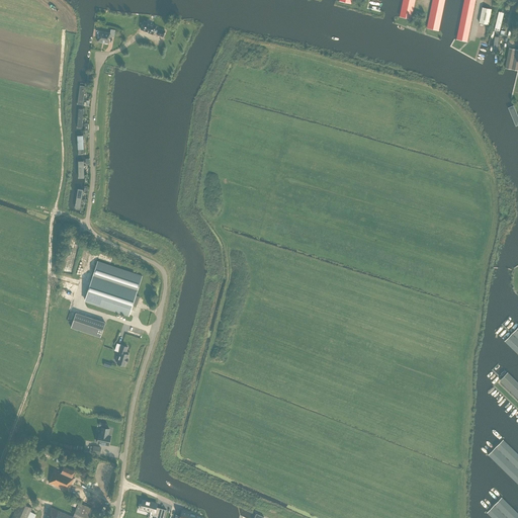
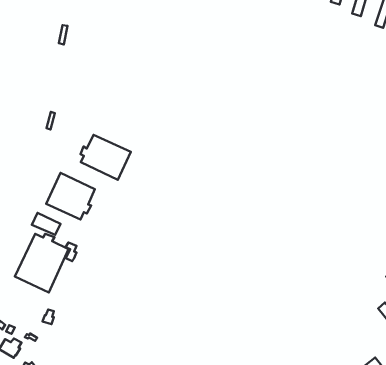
building: none -> [81,135,131,180]
building: none -> [15,234,69,292]

